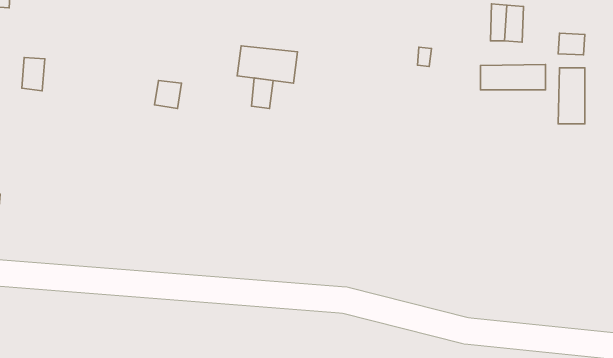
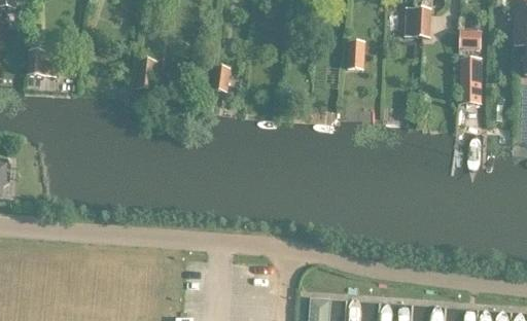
building: [237,46,298,83] -> none
building: [480,64,545,90] -> none

